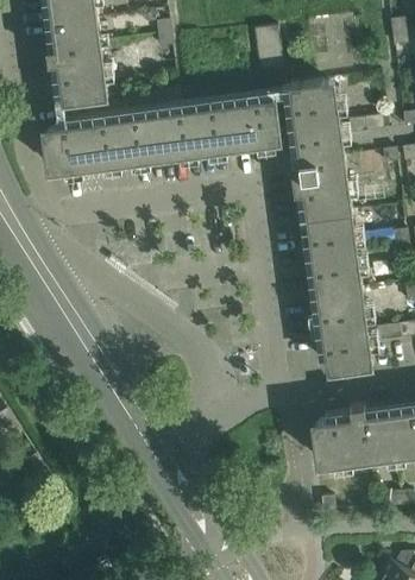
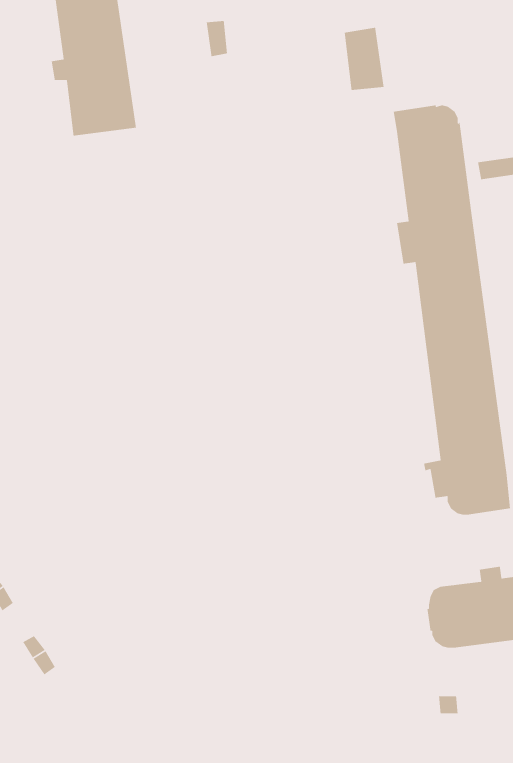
building: [43,88,281,179] -> none

